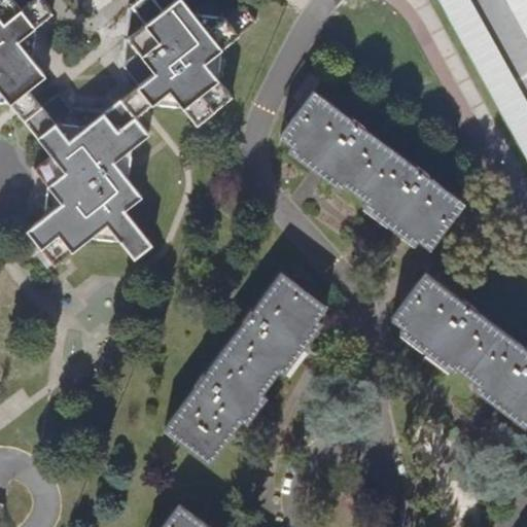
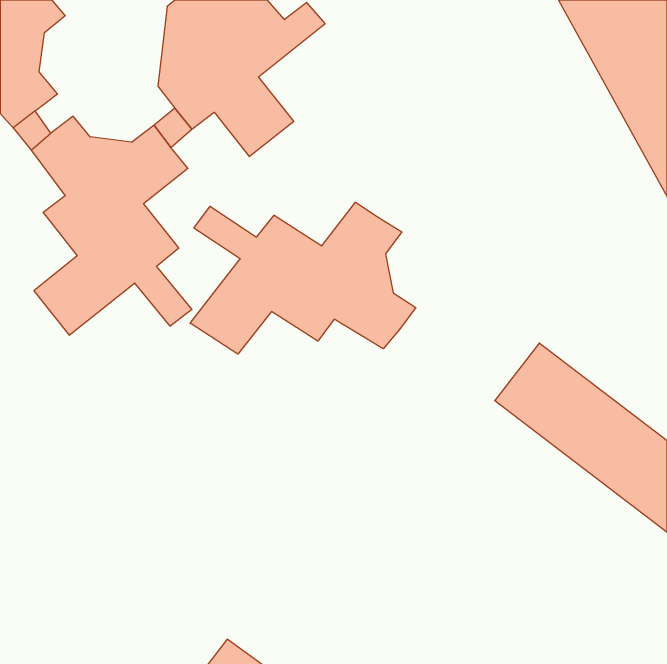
building: [279,92,464,250] -> none
building: none -> [190,202,416,354]
building: [165,273,326,464] -> none

